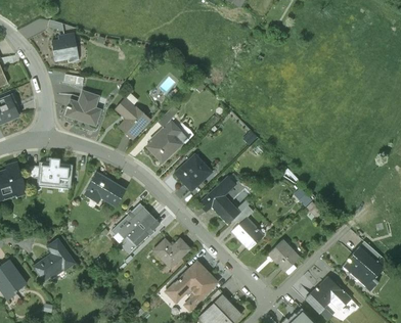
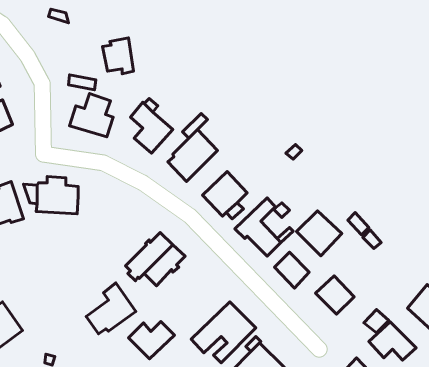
building: [51,32,77,61] -> [102,38,134,74]
building: [83,172,125,206] -> none
building: none -> [297,211,342,256]
building: [152,237,190,268] -> [128,322,174,359]
building: [33,238,74,280] -> [86,283,136,334]

